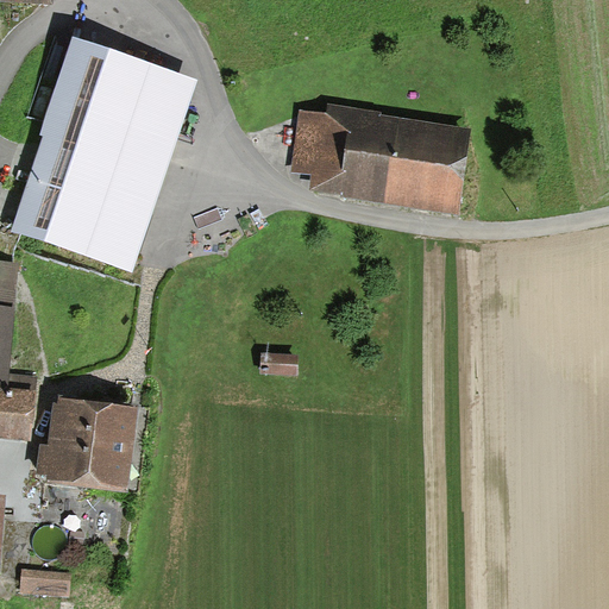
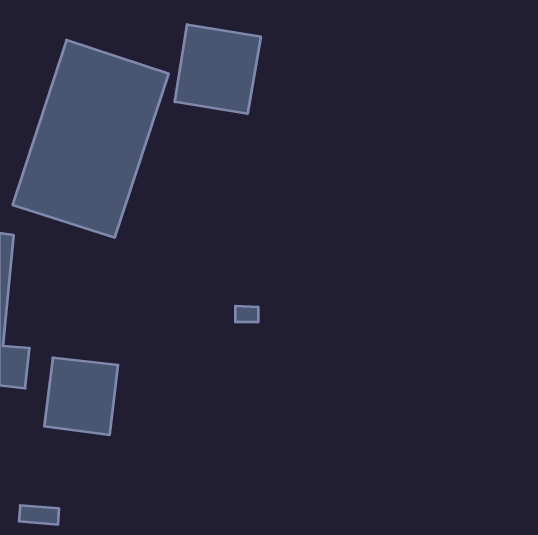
building: none -> [175,24,261,114]
building: [293,107,467,211] -> none

